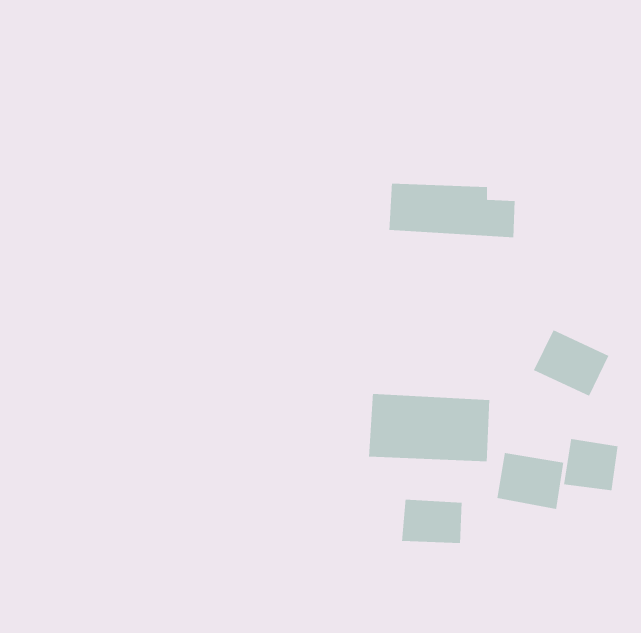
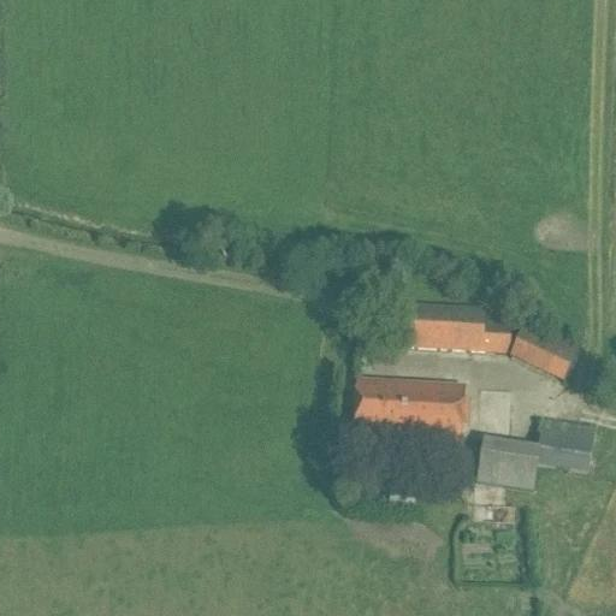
building: [389,183,516,238] -> [392,301,514,354]
building: [401,499,462,544] -> none

